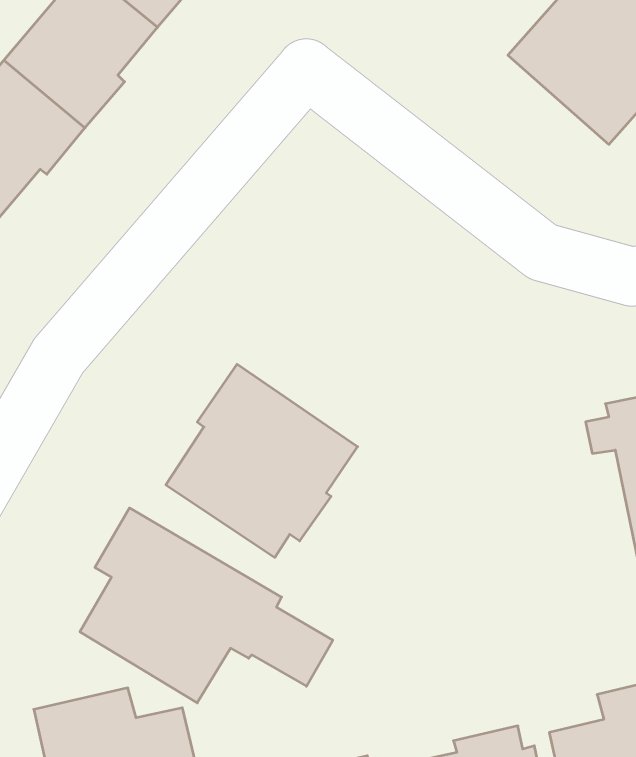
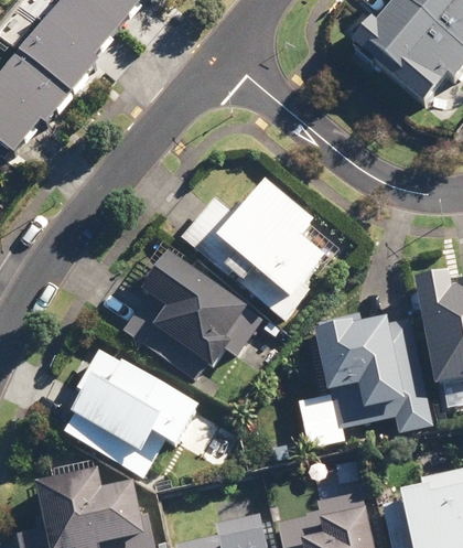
building: none -> [182,180,332,318]
building: none -> [297,310,428,448]

